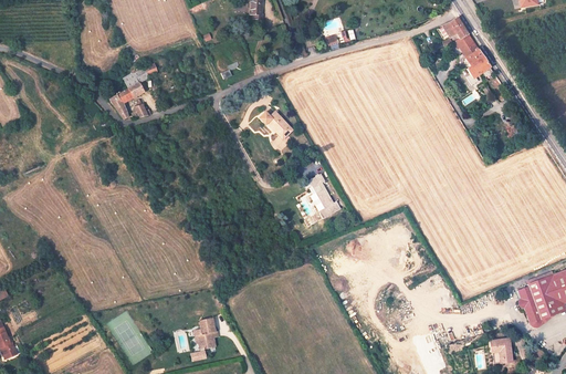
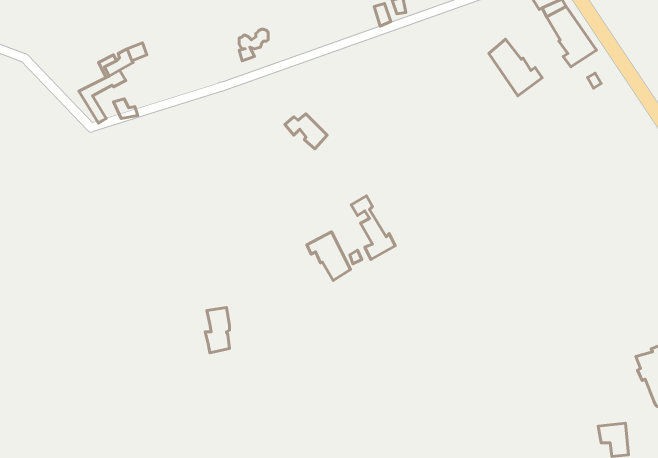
building: none -> [489,39,542,96]
building: none -> [307,232,350,280]
building: [198,316,216,350] -> [205,307,229,353]

